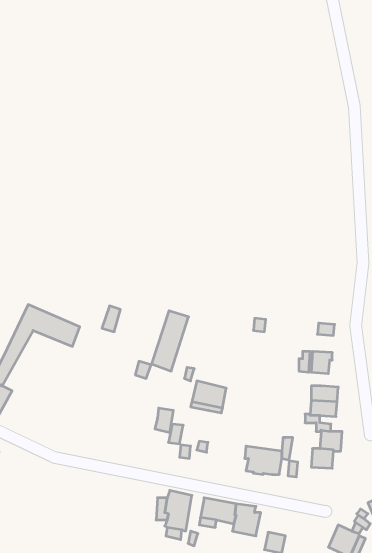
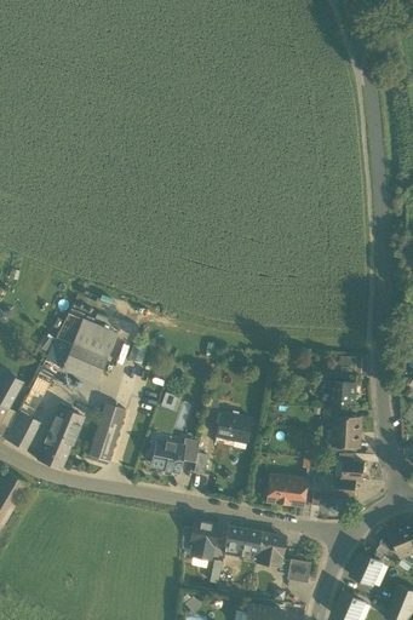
building: none -> [56,312,116,358]
building: [152,311,189,371] -> [88,402,125,461]
building: none -> [36,407,84,470]
building: none -> [151,441,183,472]

